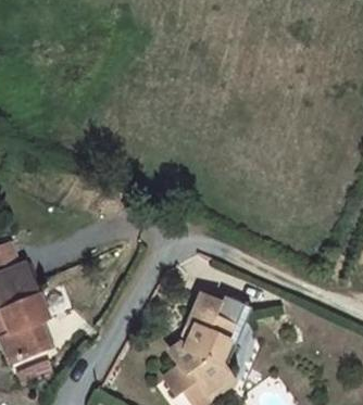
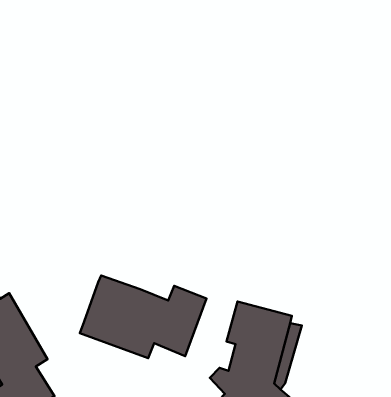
building: none -> [80,276,206,358]

